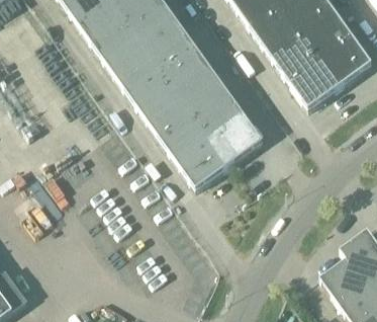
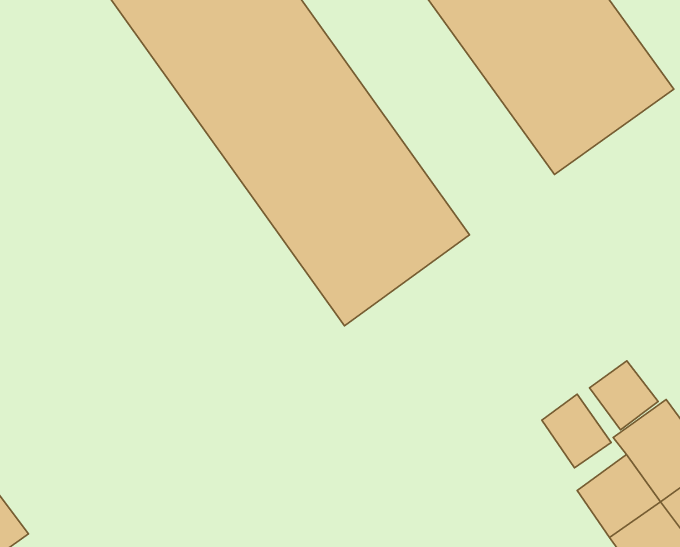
building: none -> [589,361,658,430]
building: none -> [542,394,611,468]

